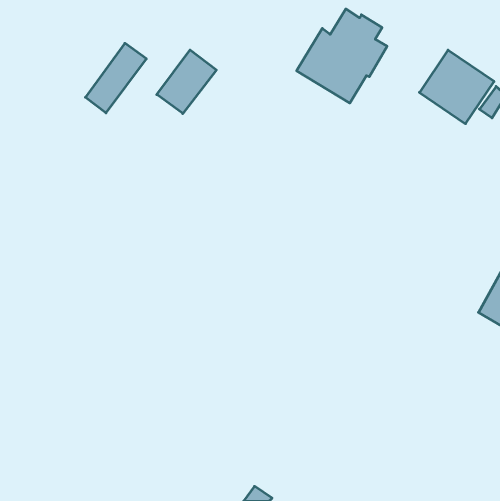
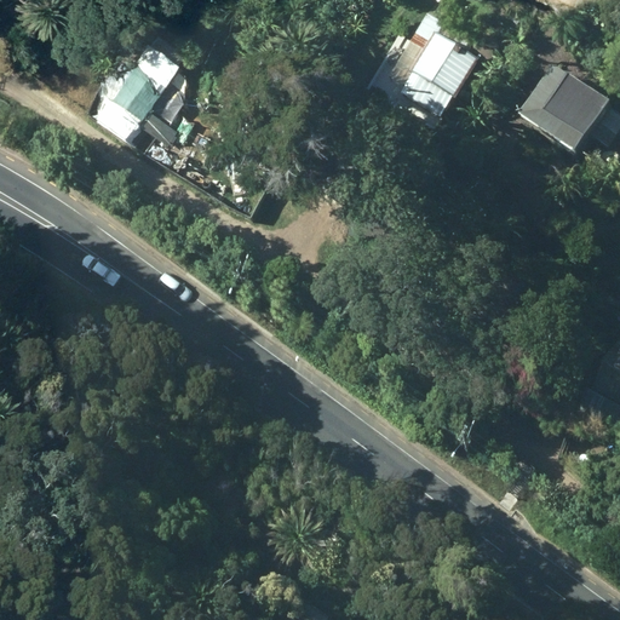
building: [157,50,216,114] -> none

